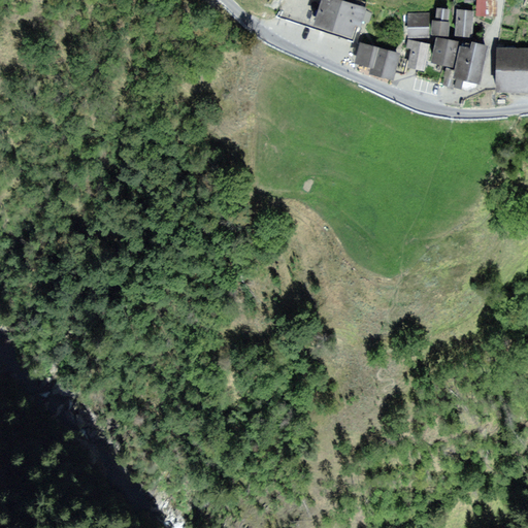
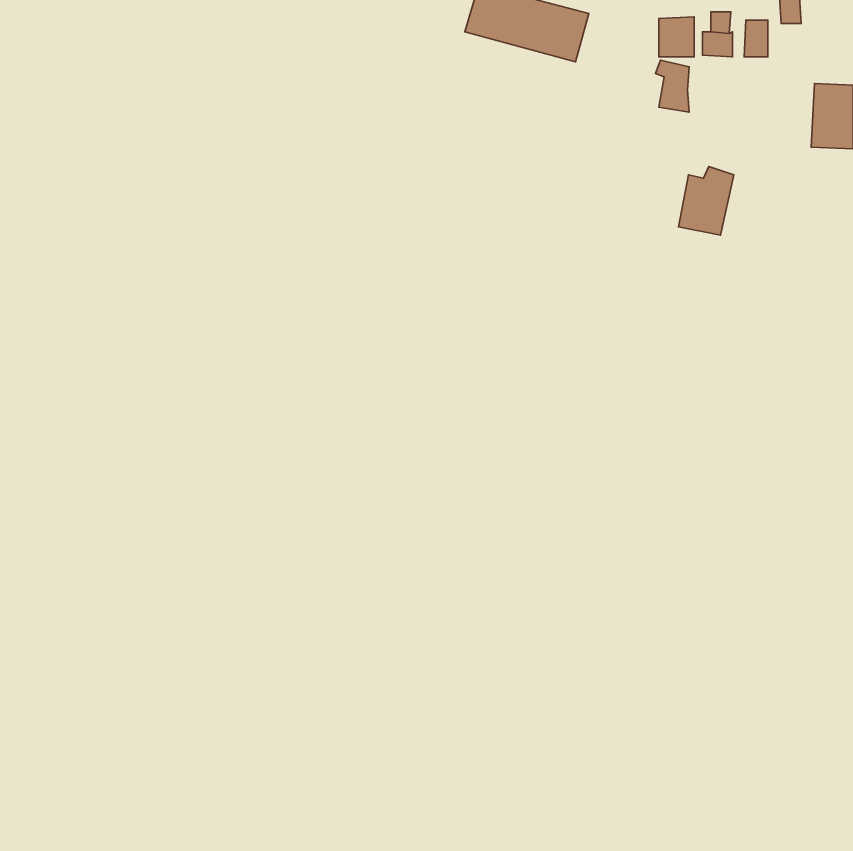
building: [431,36,452,61] -> none
building: [453,38,487,80] -> [679,166,734,235]
building: [357,45,398,77] -> none

